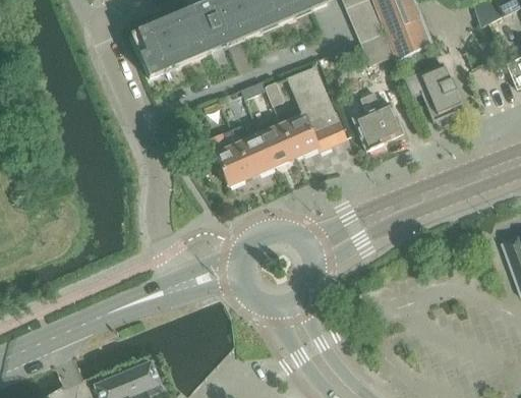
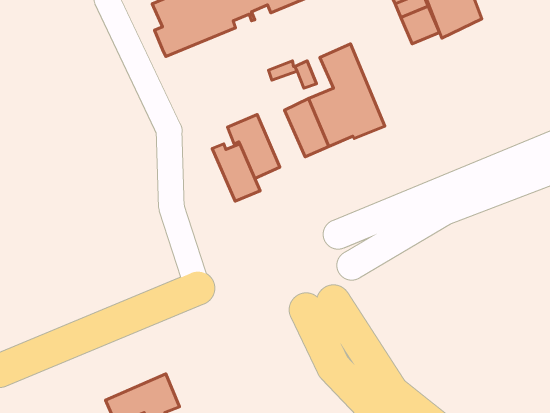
building: [405,61,462,121] -> none
building: [353,92,404,151] -> none
building: [232,124,275,175] -> [212,144,260,201]

